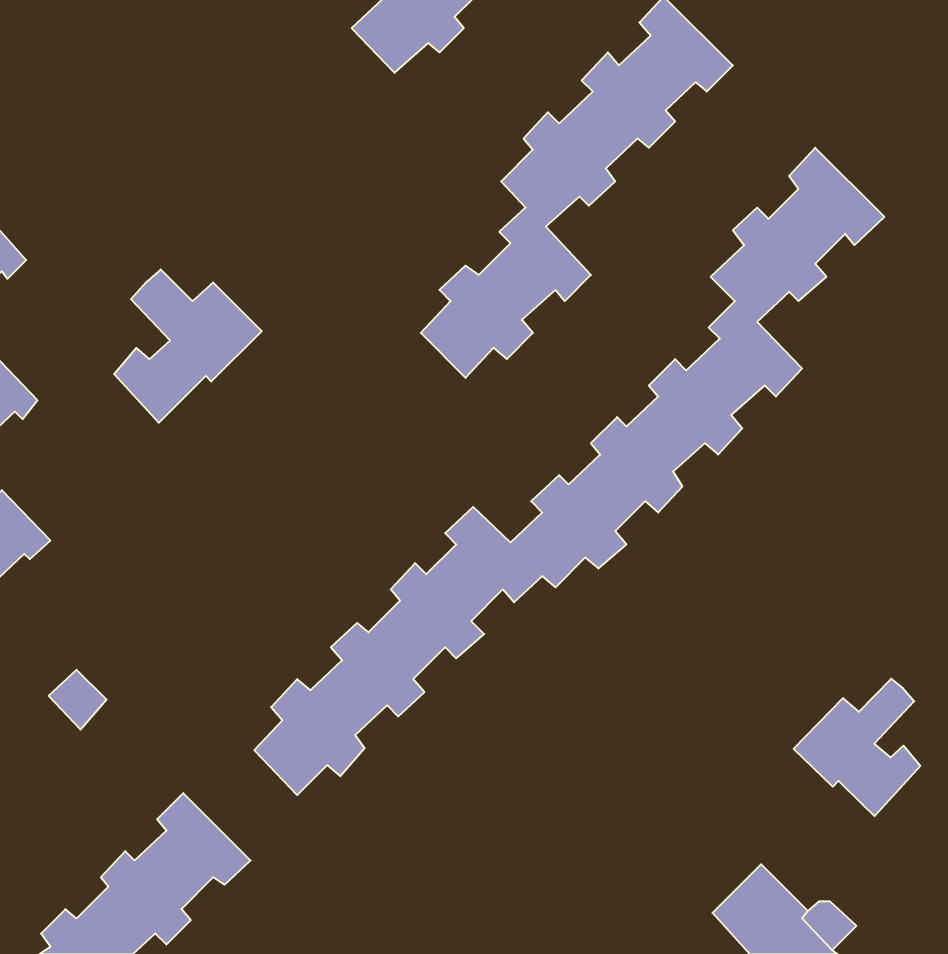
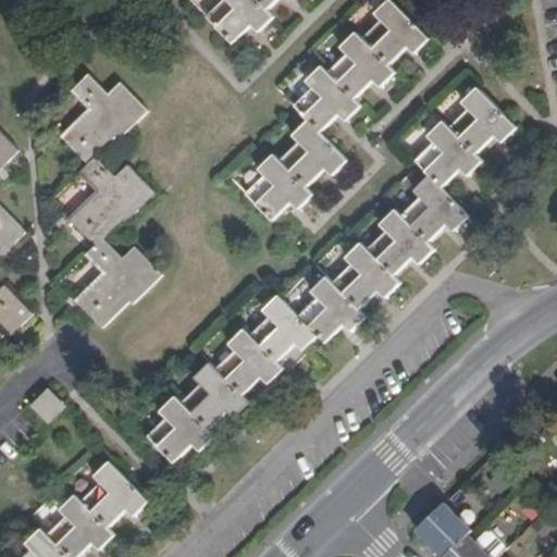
building: none -> [59,74,145,164]
building: none -> [73,237,160,327]
building: [794,679,920,816] -> none

